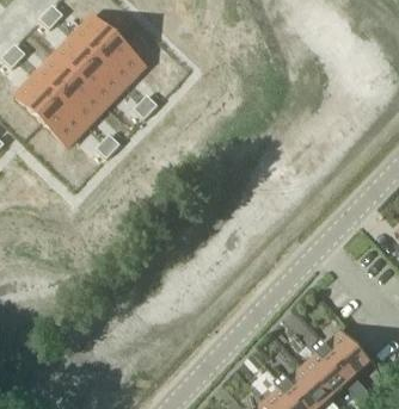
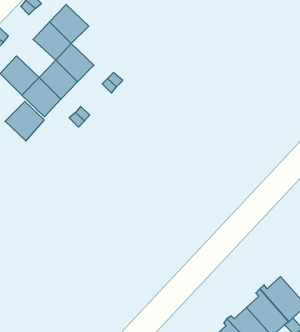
building: [99,39,145,85] -> none
building: [36,55,81,99] -> none
building: none -> [5,101,44,141]

